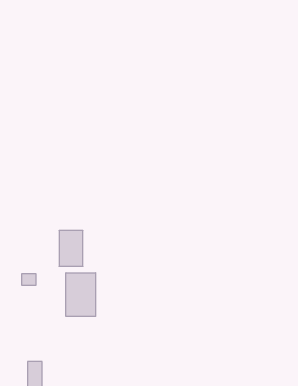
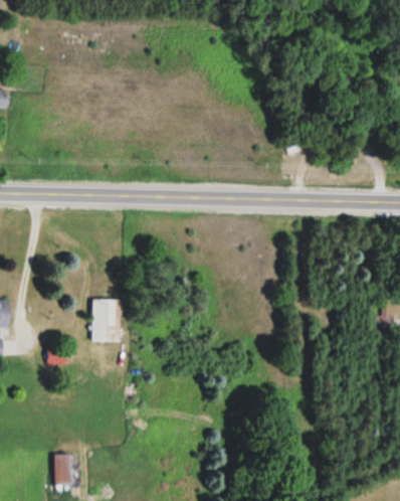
building: [66,273,96,316] -> none

